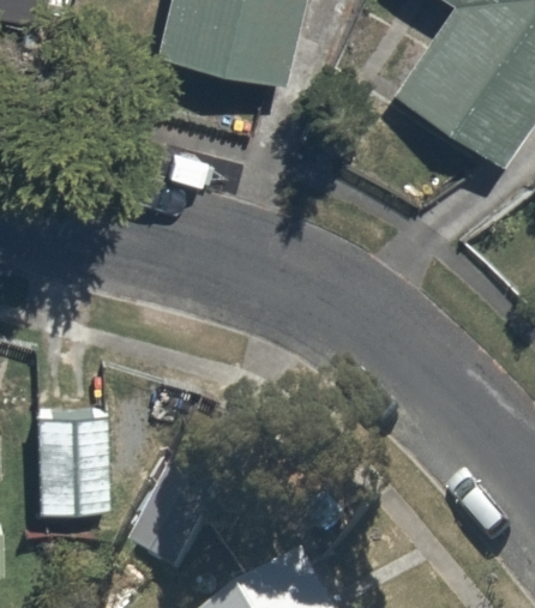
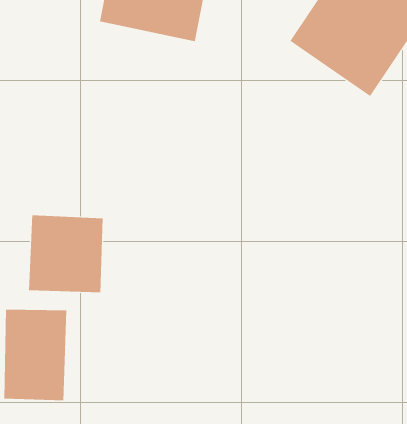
building: none -> [29,215,103,293]

